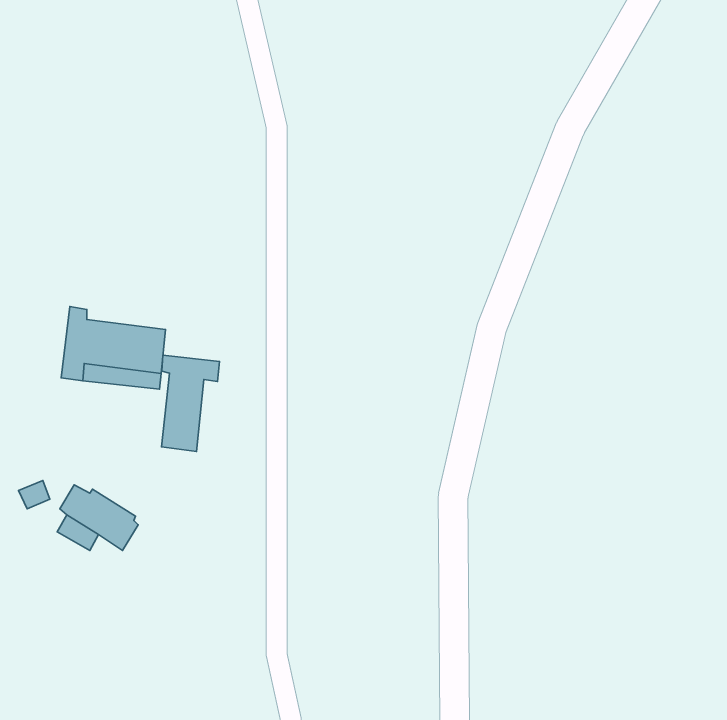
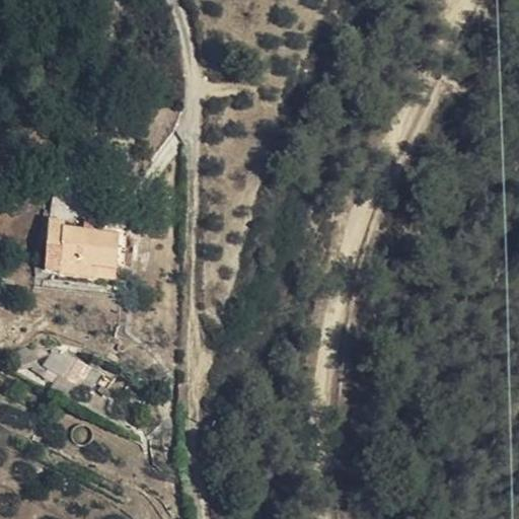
building: [162,355,219,452] -> none

